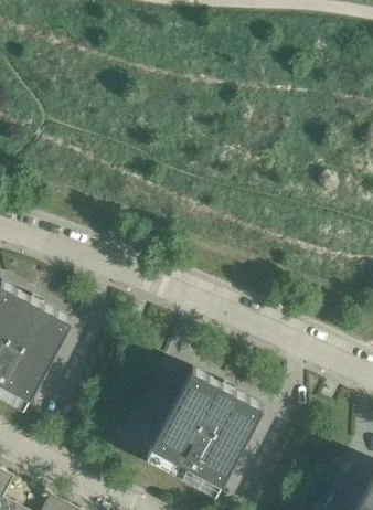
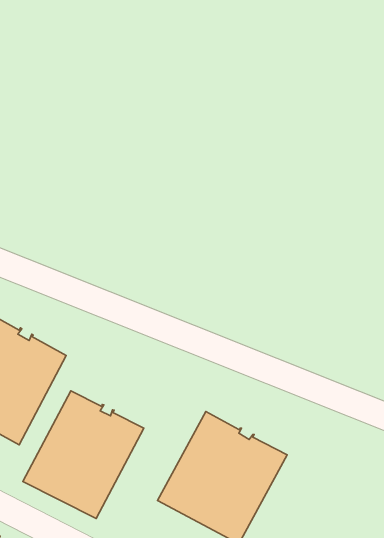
building: none -> [23,391,144,519]

